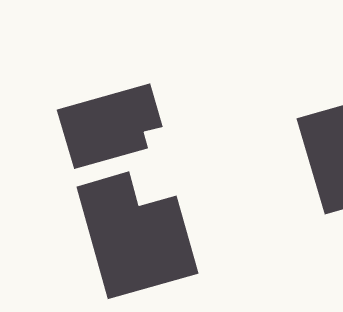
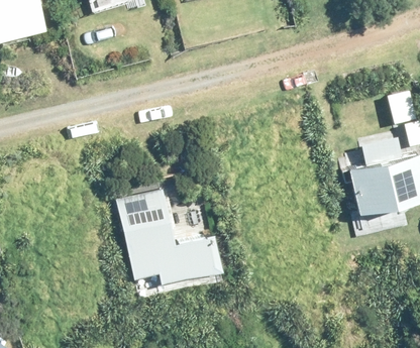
building: [56,82,163,170] -> none

